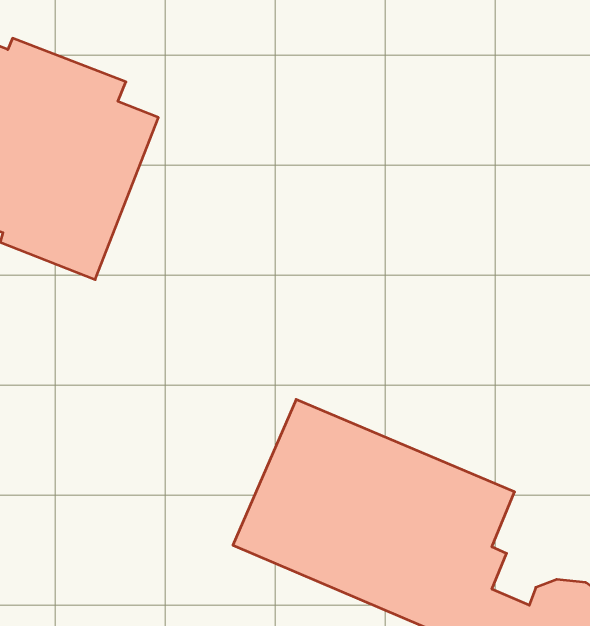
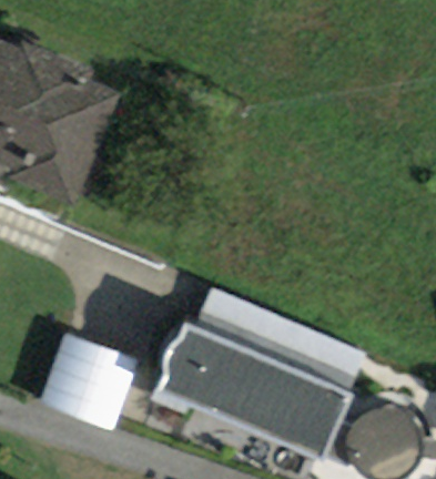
building: none -> [40,332,135,427]

